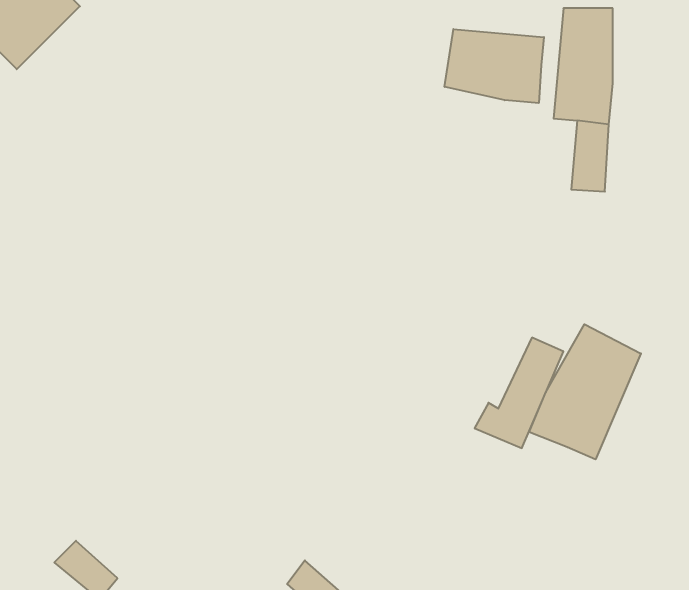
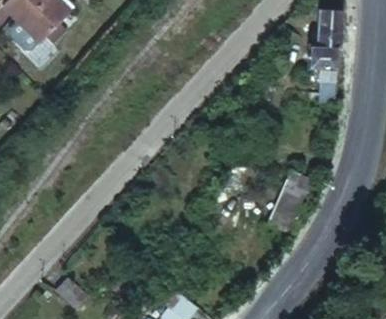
building: [445,29,544,103] -> none
building: [529,324,641,459] -> none

